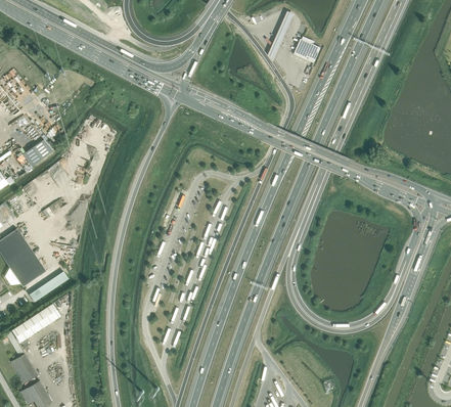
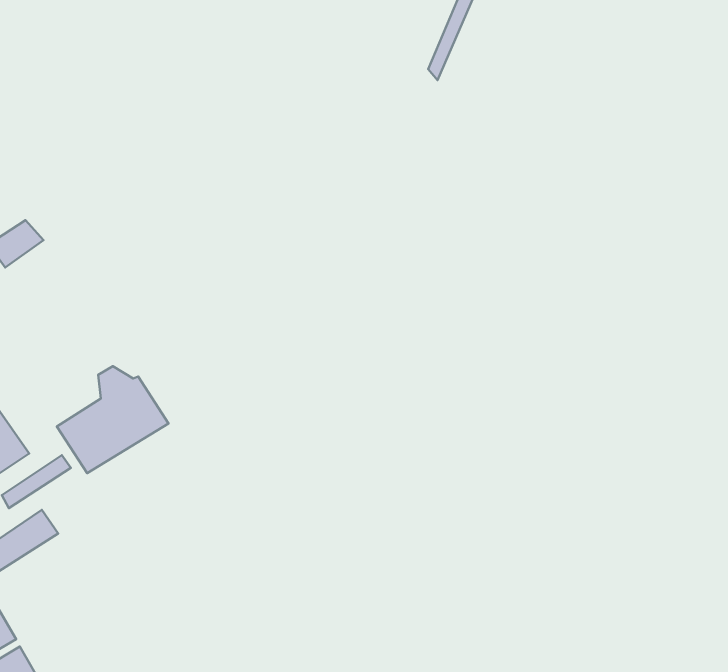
building: [294,37,321,62] -> none
building: none -> [57,366,169,473]

